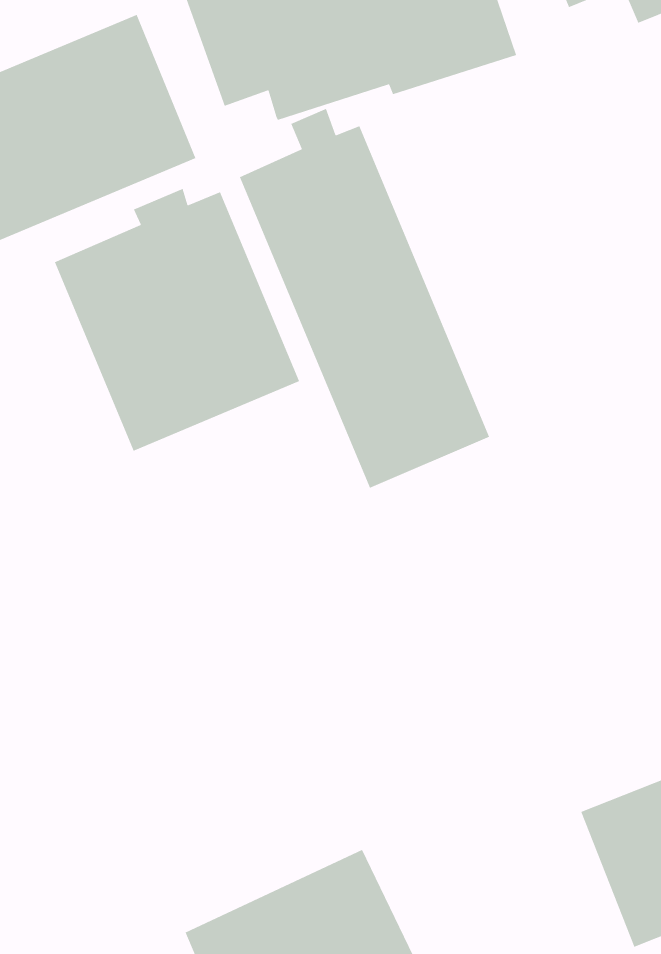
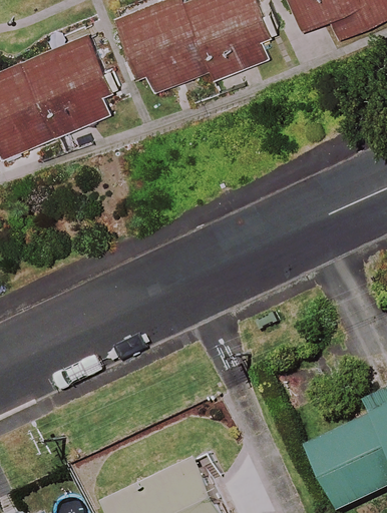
building: [239,108,490,489] -> none
building: [54,188,300,452] -> none

